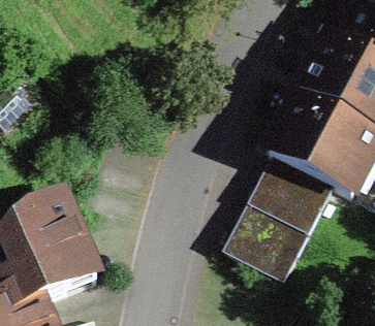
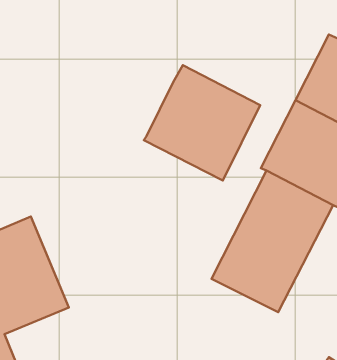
building: none -> [144,65,260,181]

